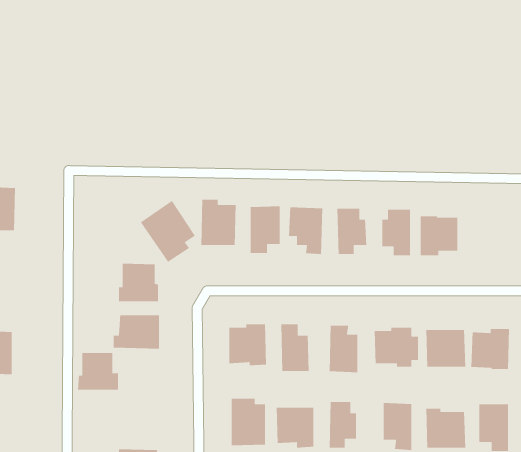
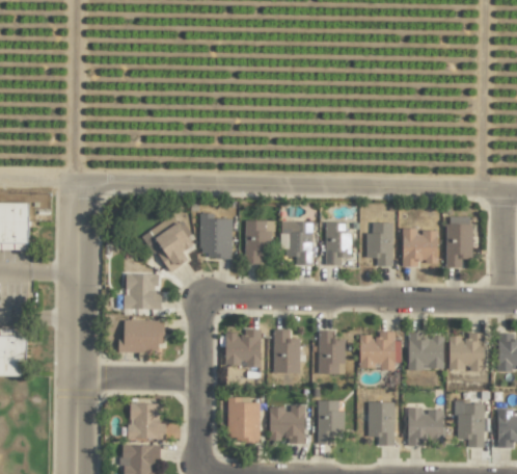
building: none -> [445,223,473,267]
building: [77,352,119,391] -> [127,403,165,439]

